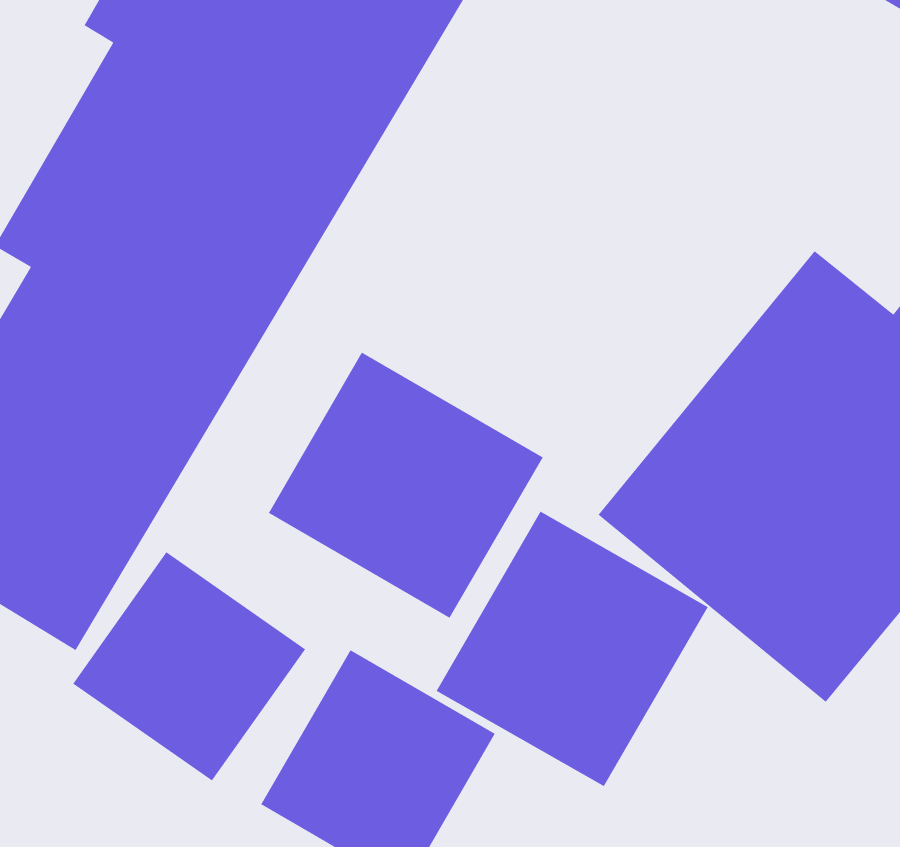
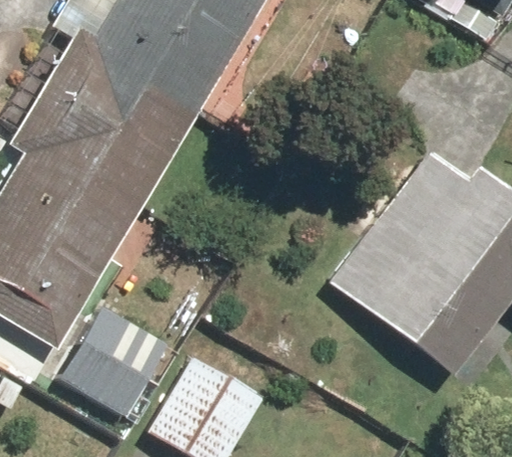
building: [268,352,544,619] -> none
building: [435,511,709,787] -> none

